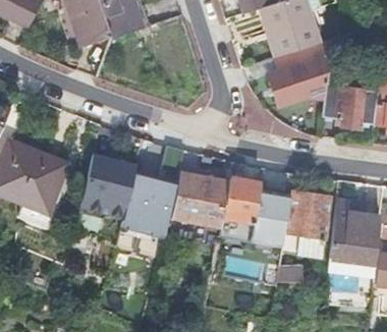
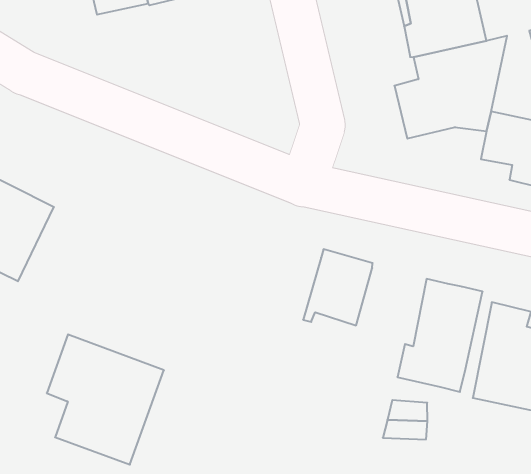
building: [97,151,167,227] -> [47,334,164,465]
building: [168,172,229,227] -> none
building: [254,187,290,228] -> none

